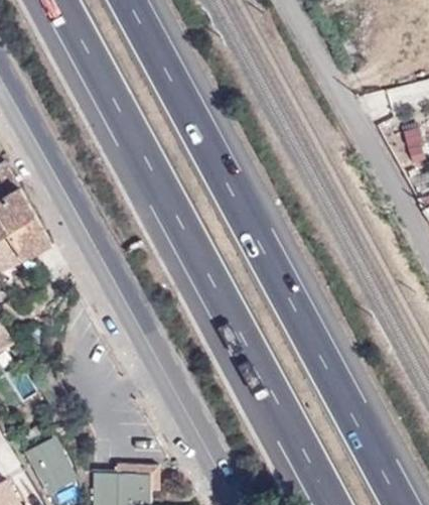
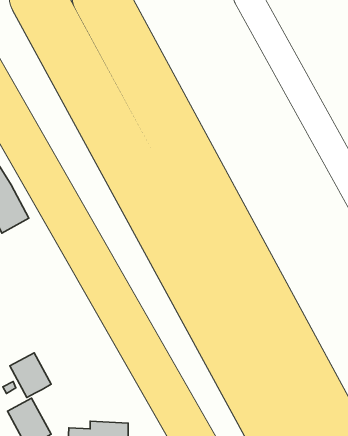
building: none -> [10,353,51,397]

